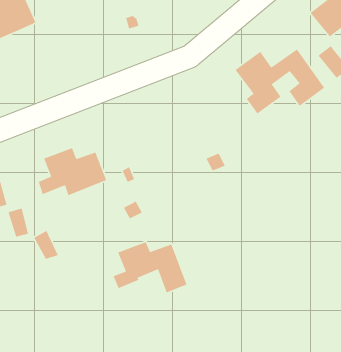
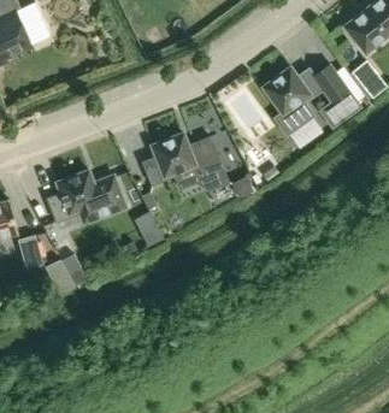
building: [113,241,188,294] -> [146,132,226,189]

